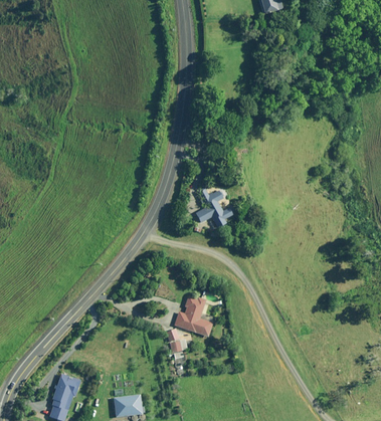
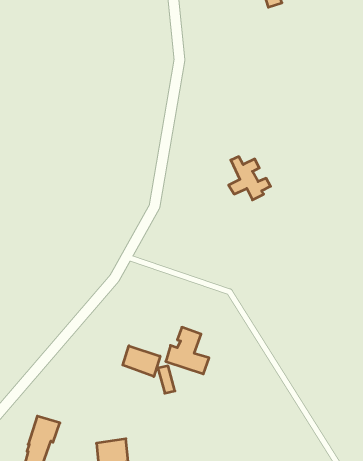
building: [196,188,233,226] -> [229,157,271,200]
building: none -> [123,346,160,377]

